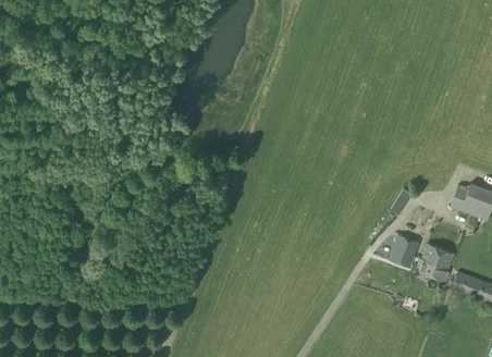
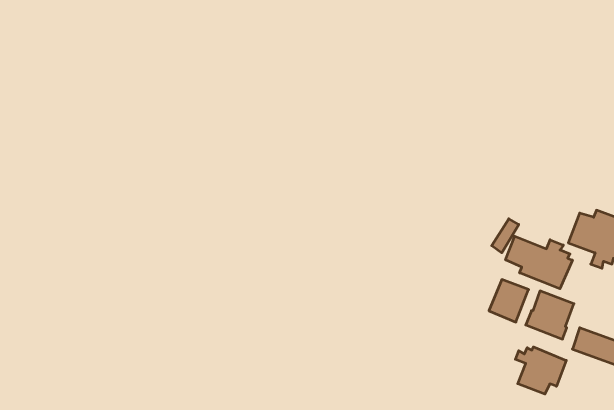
building: none -> [506,236,572,289]
building: none -> [515,347,566,394]

